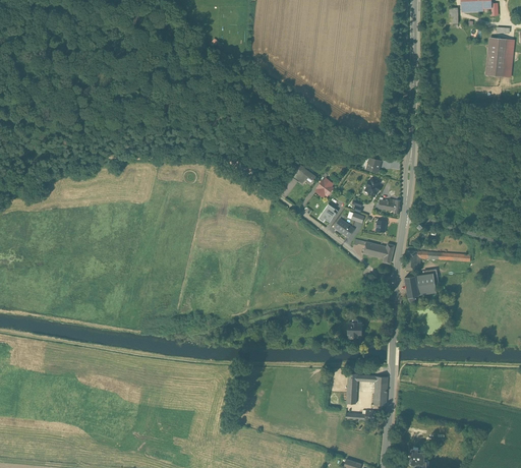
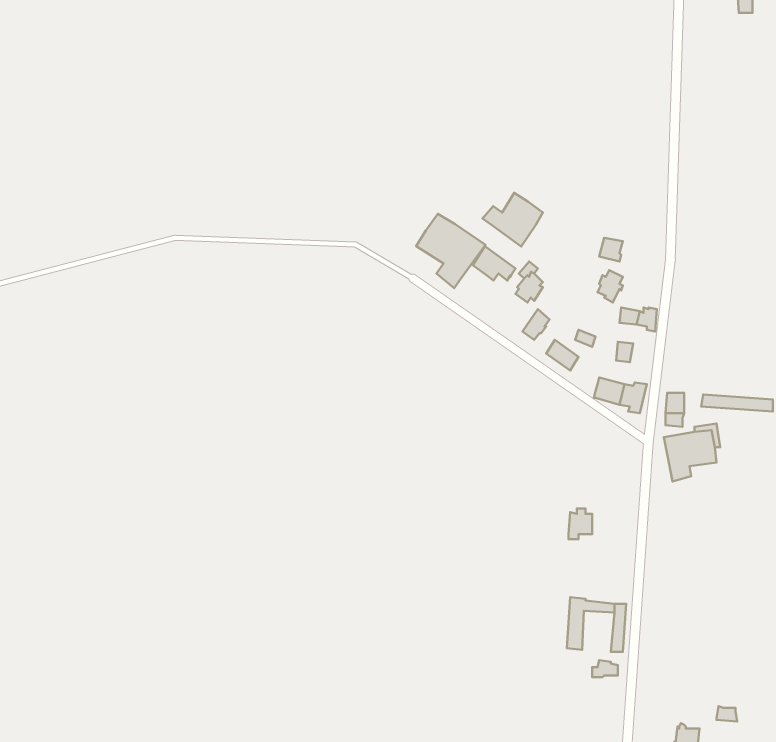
building: none -> [482,193,543,246]
building: none -> [416,214,485,288]

